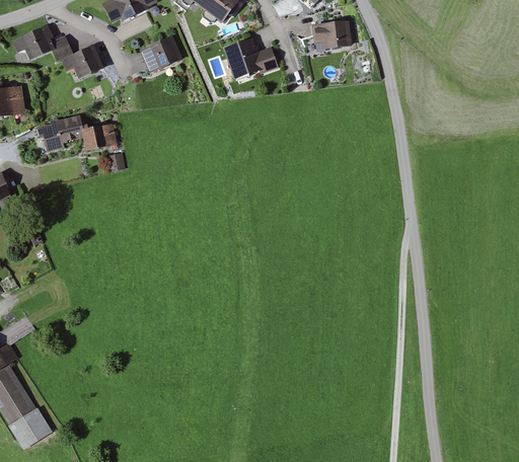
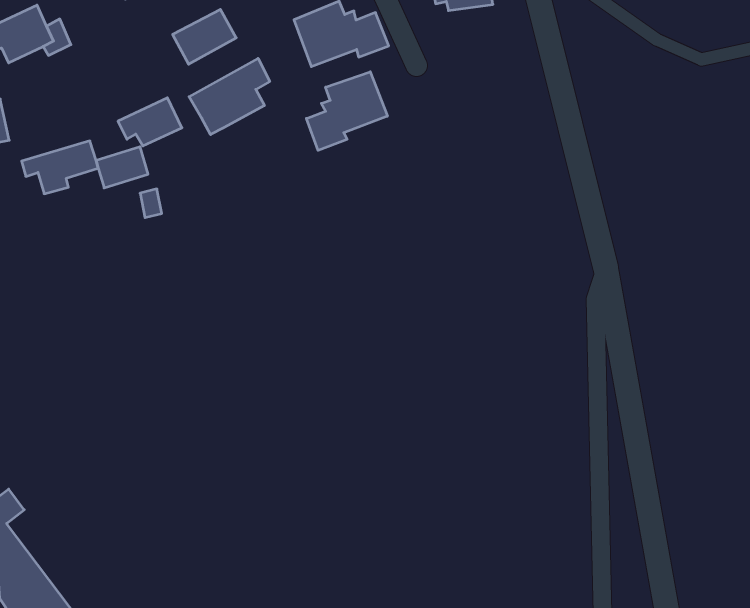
building: [62,48,103,78] -> [118,98,182,146]
building: none -> [189,58,270,135]
building: none -> [306,72,387,150]

